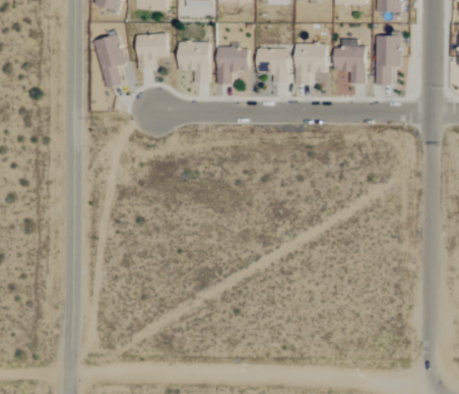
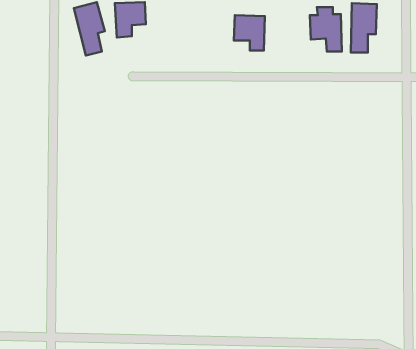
building: [179,41,210,82] -> none
building: [296,43,327,84] -> none
building: [217,47,248,83] -> none

